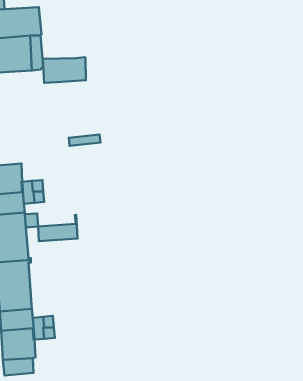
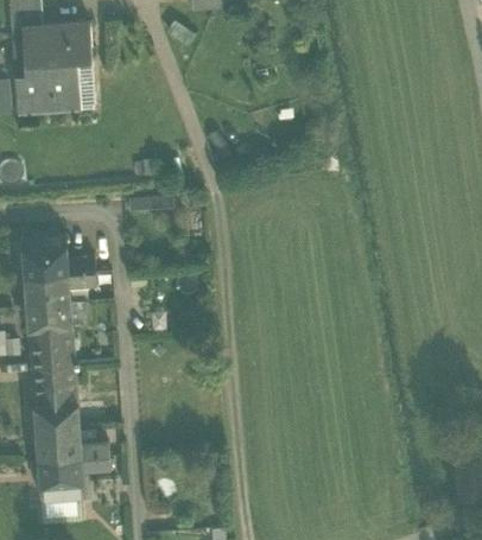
building: [43,57,86,83] -> none
building: [38,215,78,241] -> none

